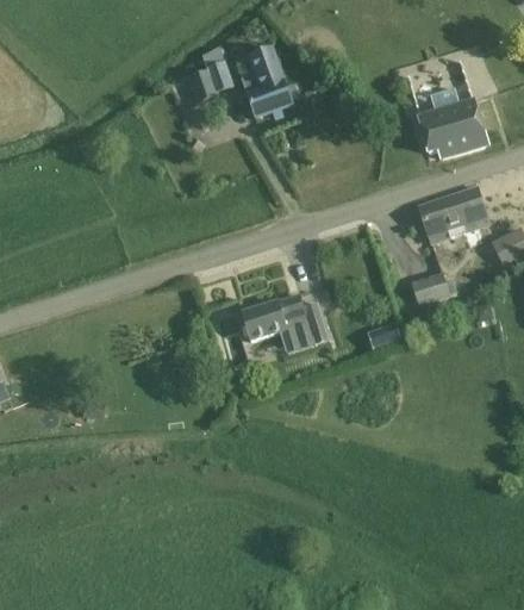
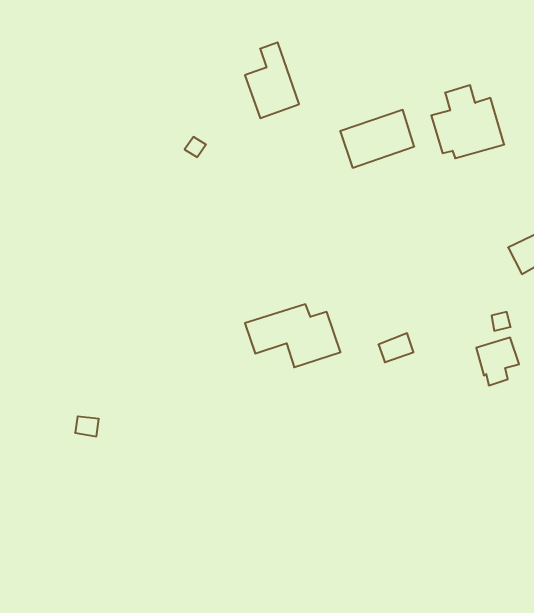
building: [187,48,232,102] -> none
building: [418,187,488,242] -> [340,110,414,168]
building: [411,270,451,316] -> [476,338,519,385]

